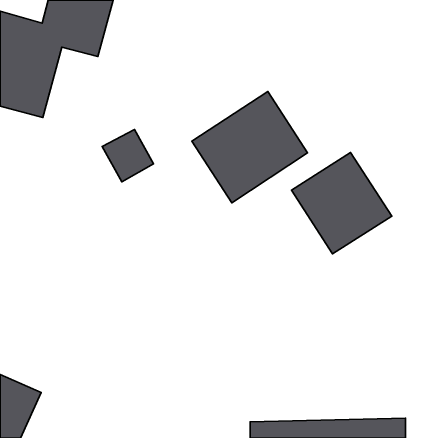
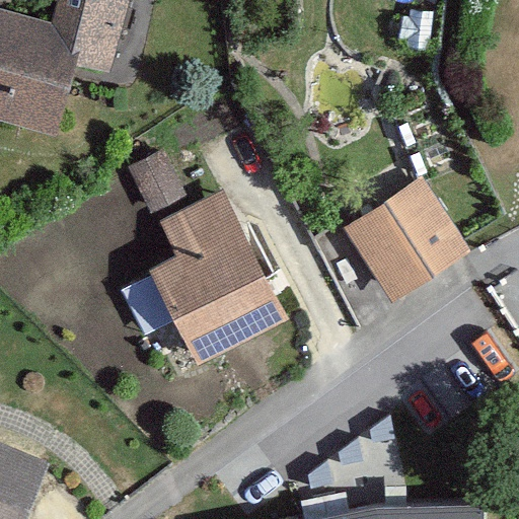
building: [192,91,308,203] -> none
building: none -> [146,194,286,366]

